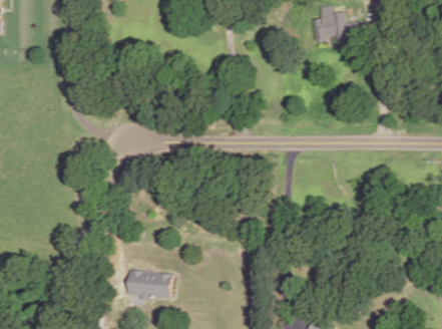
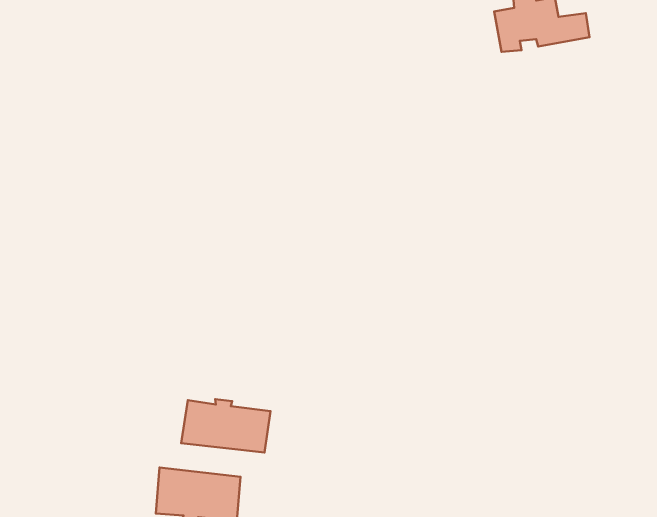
building: none -> [181,399,270,453]

